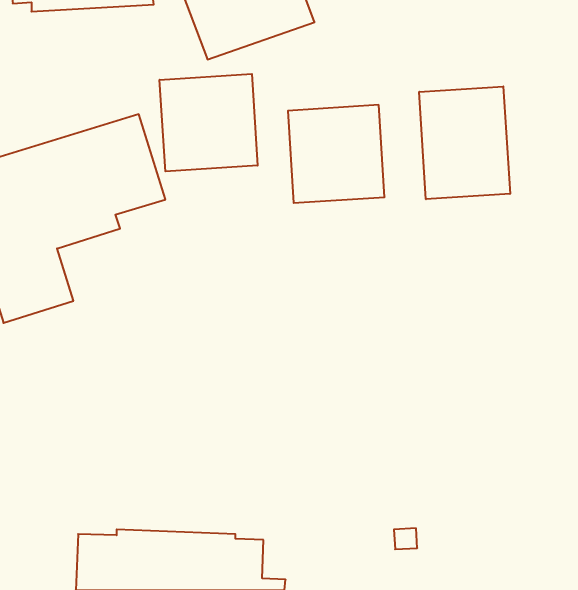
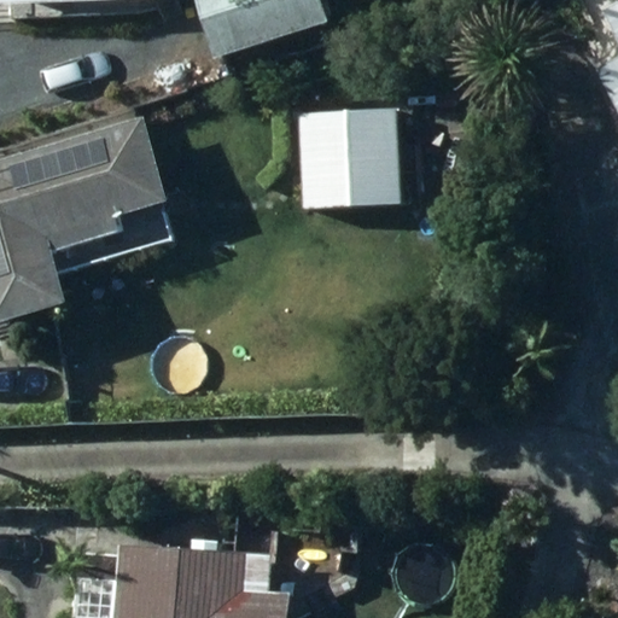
building: [160,74,258,171] -> none
building: [419,86,510,199] -> none

